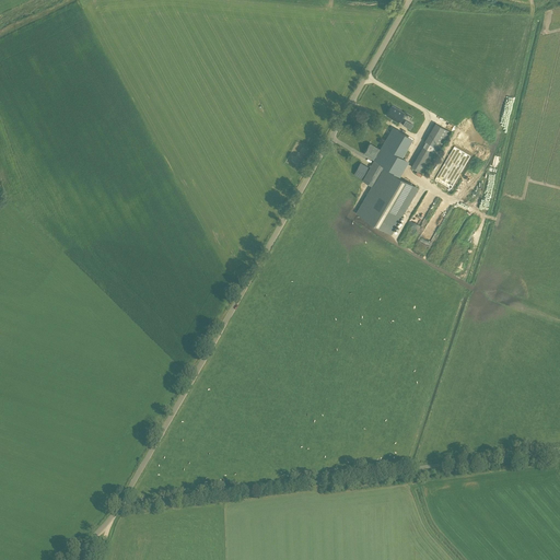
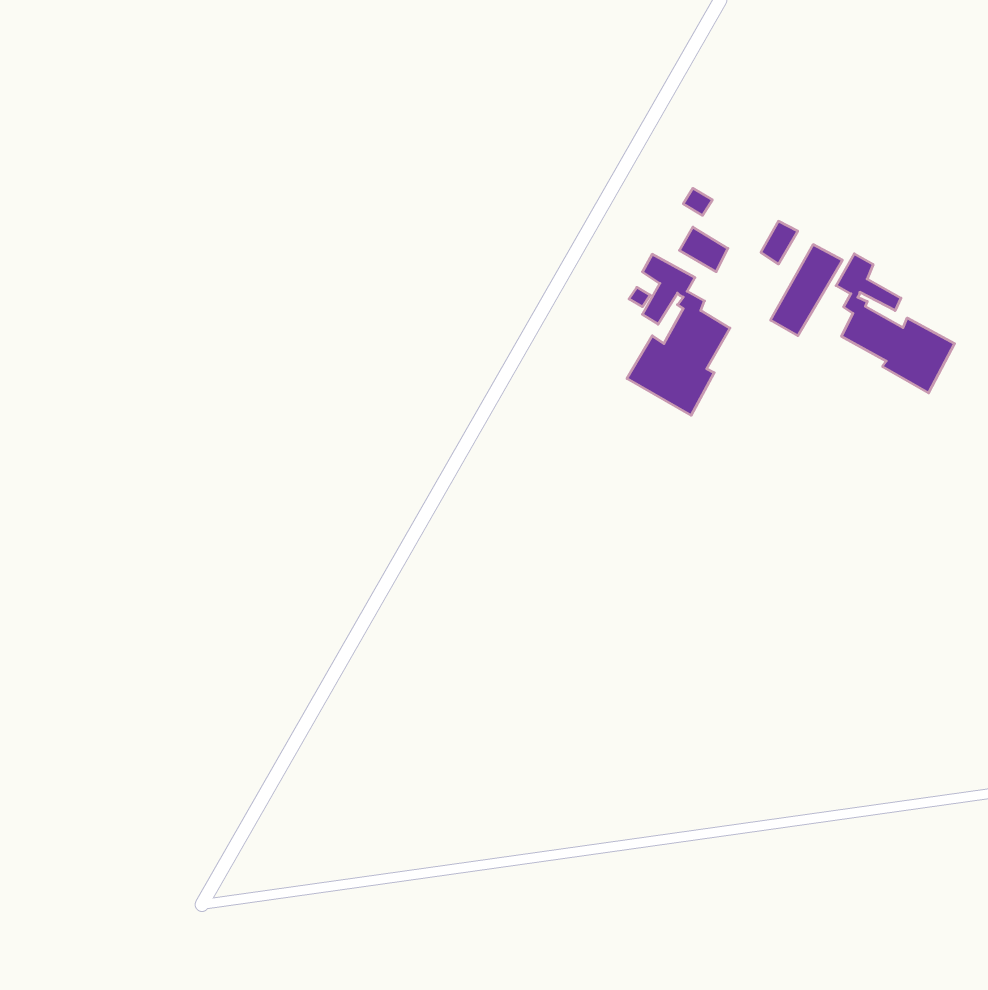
building: none -> [836,254,955,393]

